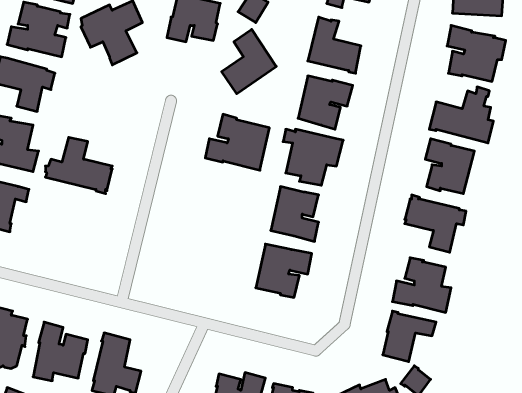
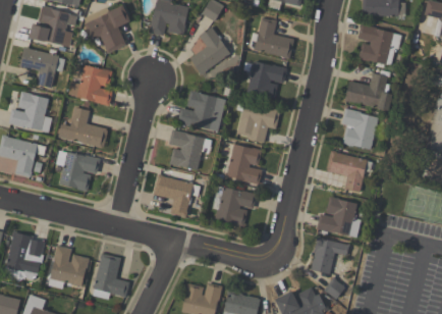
building: none -> [68,65,113,106]
building: none -> [169,129,204,170]
building: none -> [56,151,101,192]
building: none -> [153,174,199,217]

